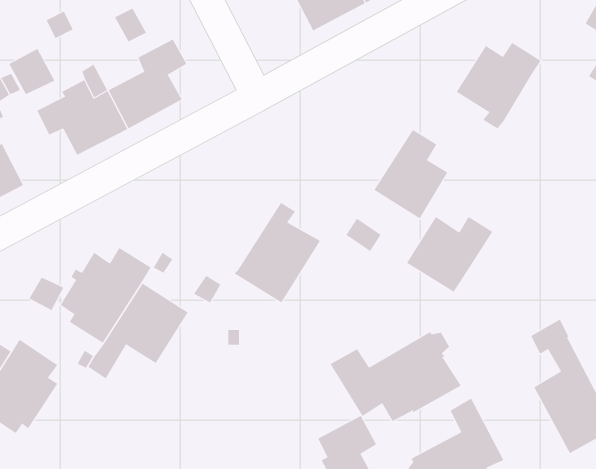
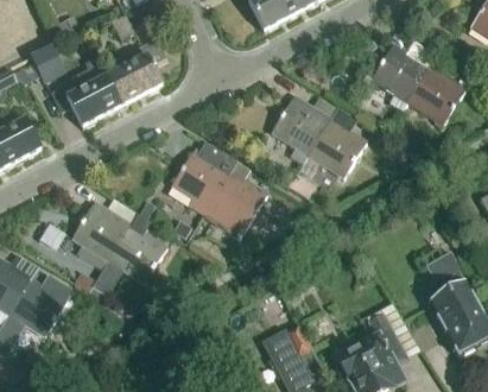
building: none -> [408,64,465,121]
building: none -> [172,141,237,214]
building: [406,216,493,292] -> [272,94,338,152]
building: [330,331,462,422] -> none

